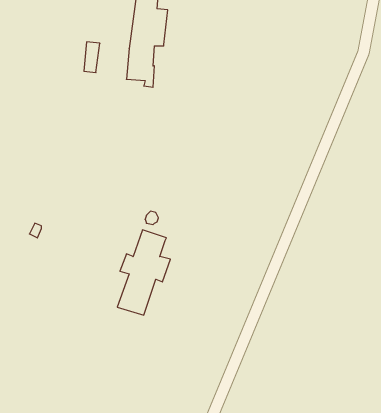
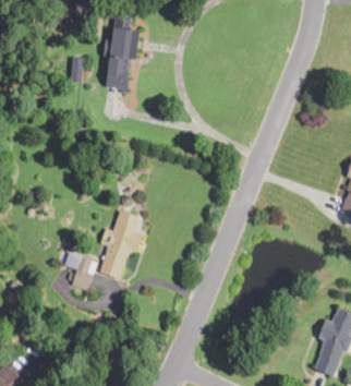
building: none -> [65,252,94,290]

